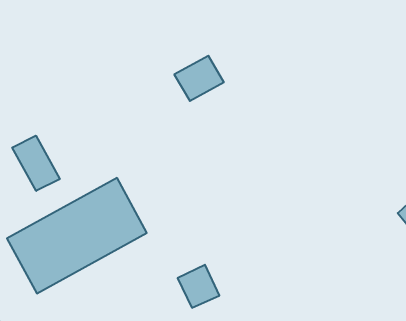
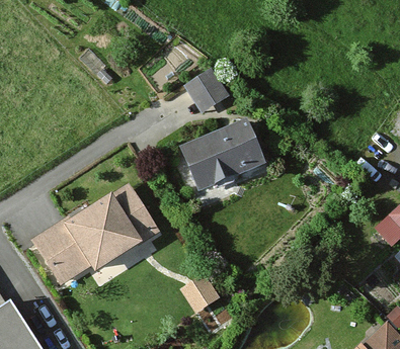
building: none -> [177,125,256,192]
building: [12,136,60,191] -> none

